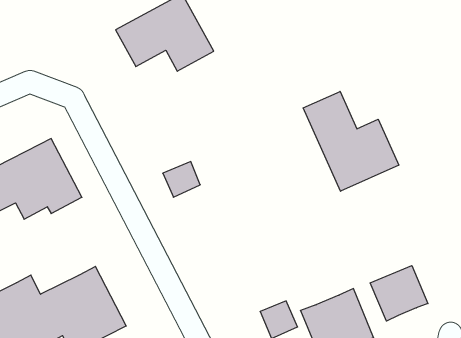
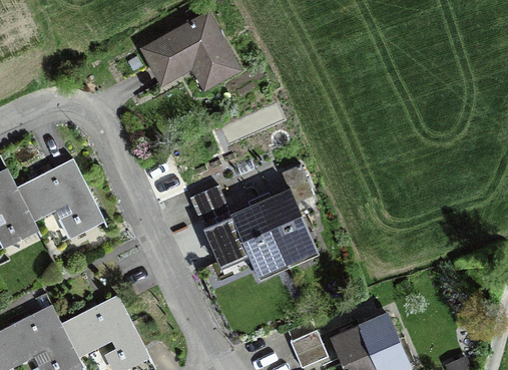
building: [303,91,399,191] -> none
building: none -> [205,167,316,277]
building: [370,266,428,321] -> none

